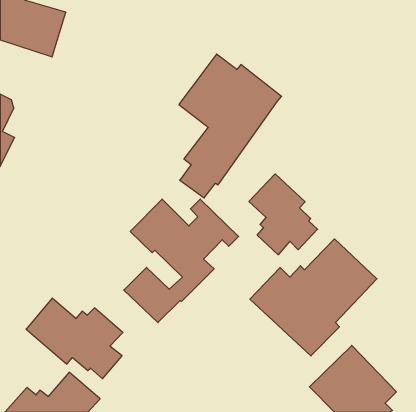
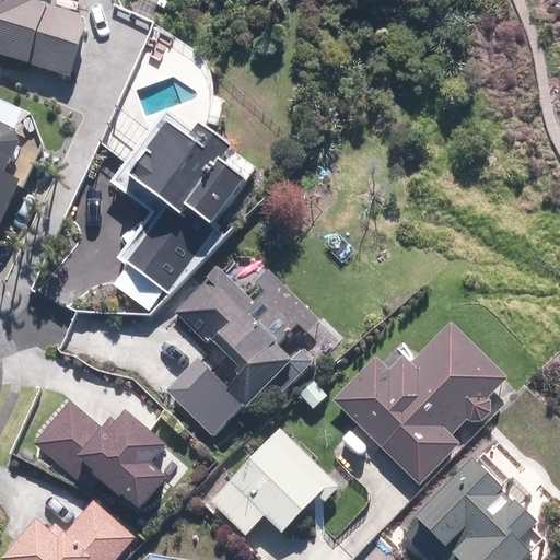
building: [179,54,282,198] -> [116,114,254,307]
building: [249,174,318,255] -> none
building: none -> [211,431,330,534]

